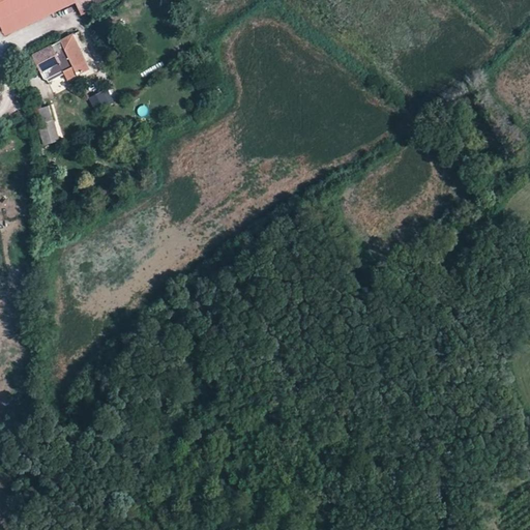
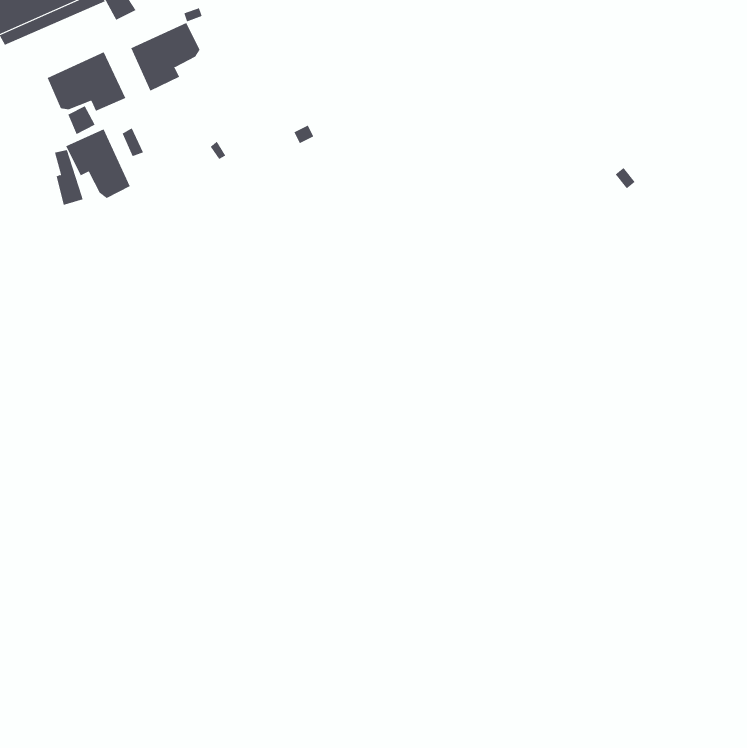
building: none -> [130,22,200,92]
building: none -> [66,129,131,199]

